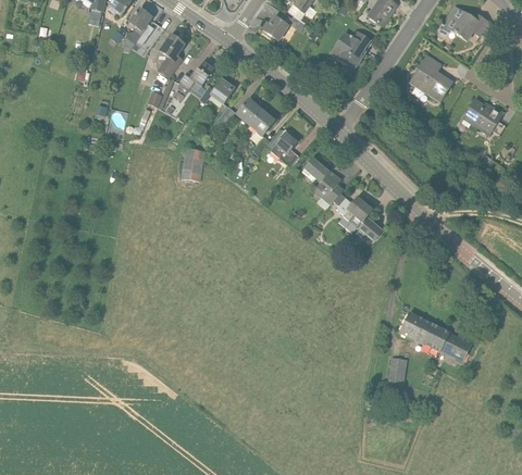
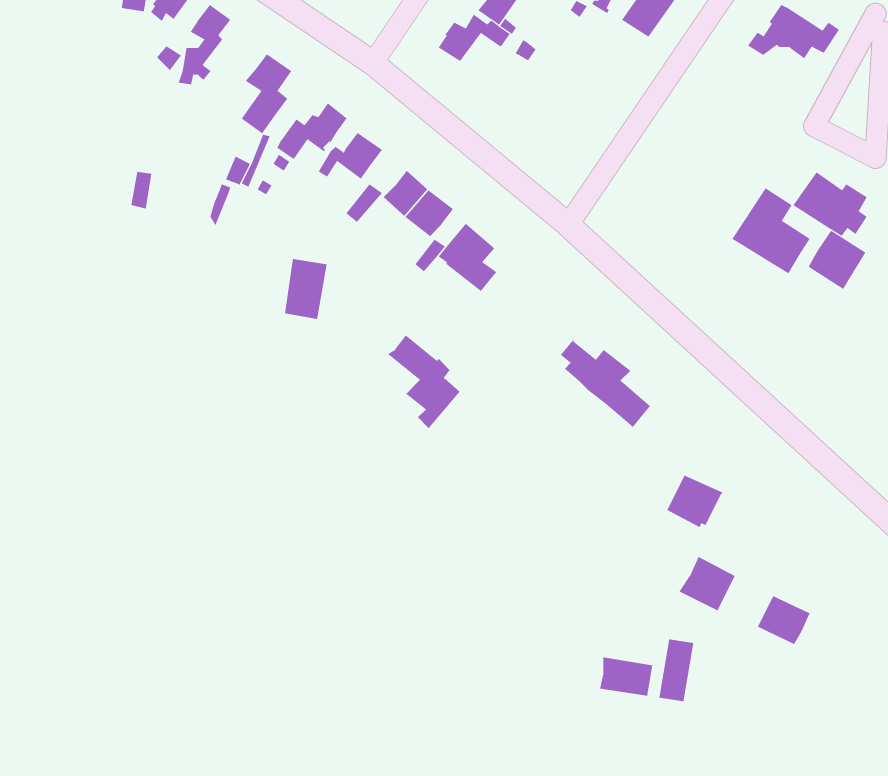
building: [330,29,371,66] -> none
building: [408,53,451,101] -> [732,187,810,274]
building: none -> [808,230,866,290]
building: [302,157,343,209] -> [388,335,461,429]
building: [420,322,451,351] -> [666,475,723,528]
building: none -> [599,657,653,697]

